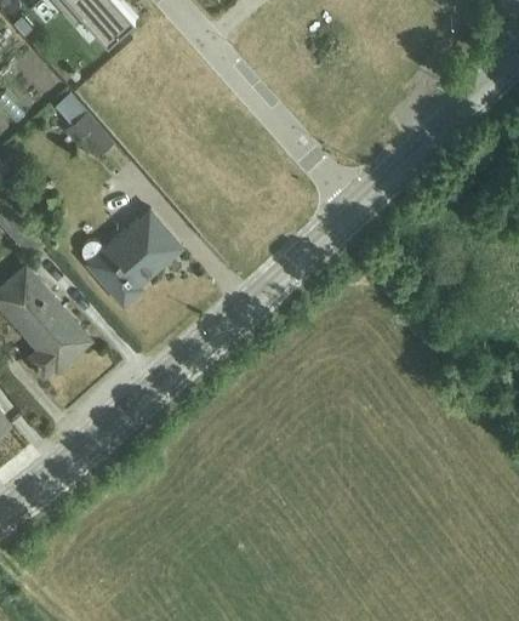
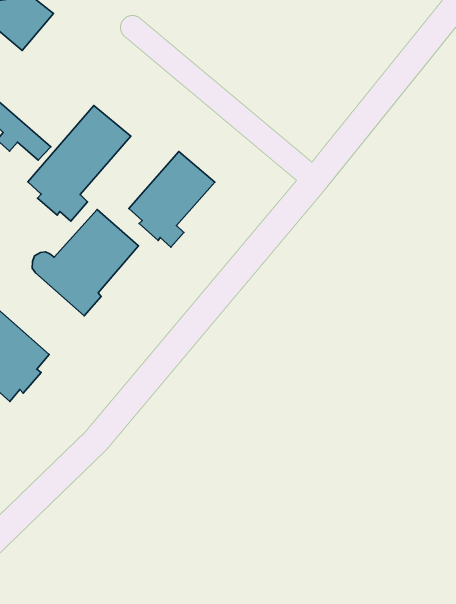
building: none -> [28,106,131,221]
building: none -> [129,152,215,247]

